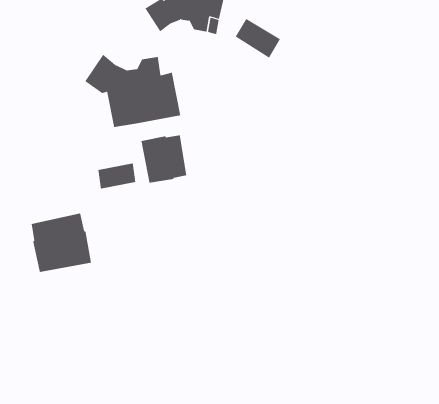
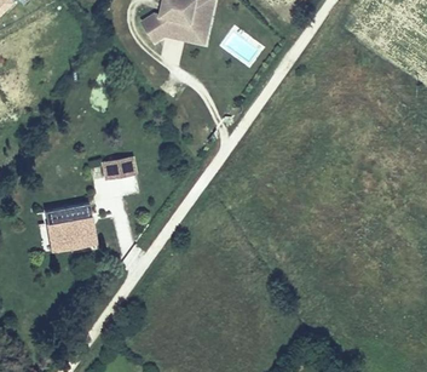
building: [84,54,181,128] -> none
building: [141,135,187,184] -> none

